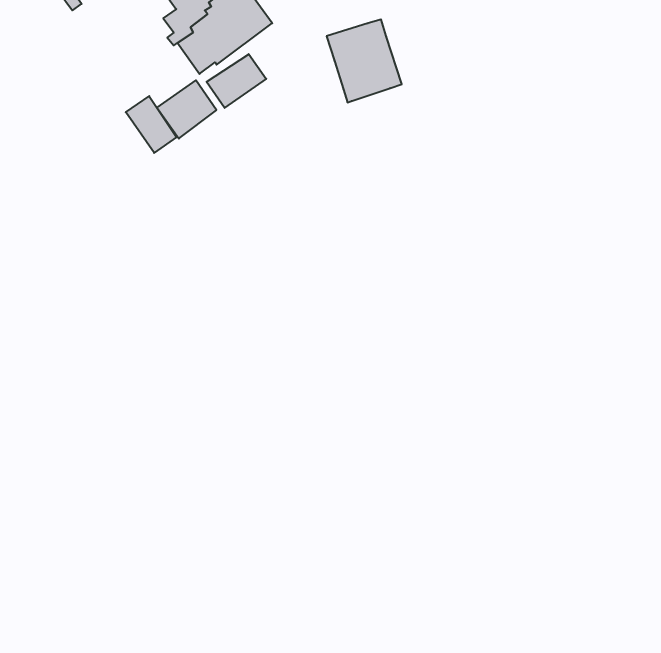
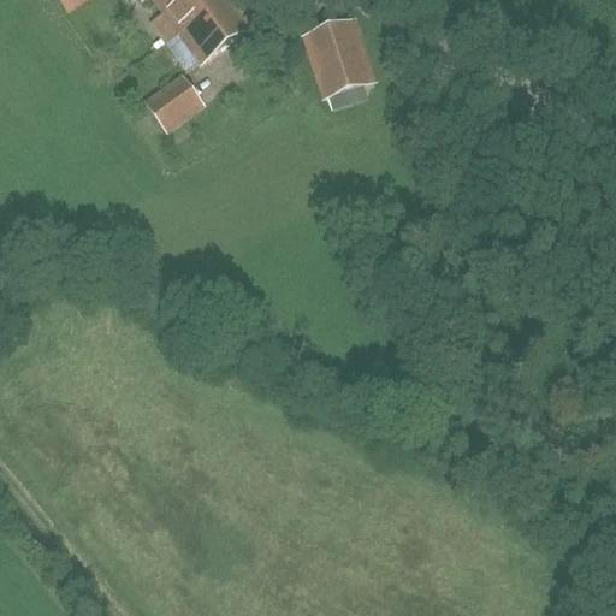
building: [207,54,266,108] -> none
building: [126,96,176,153] -> none

